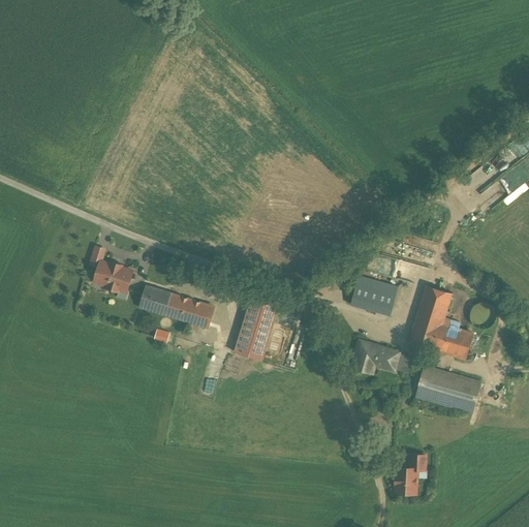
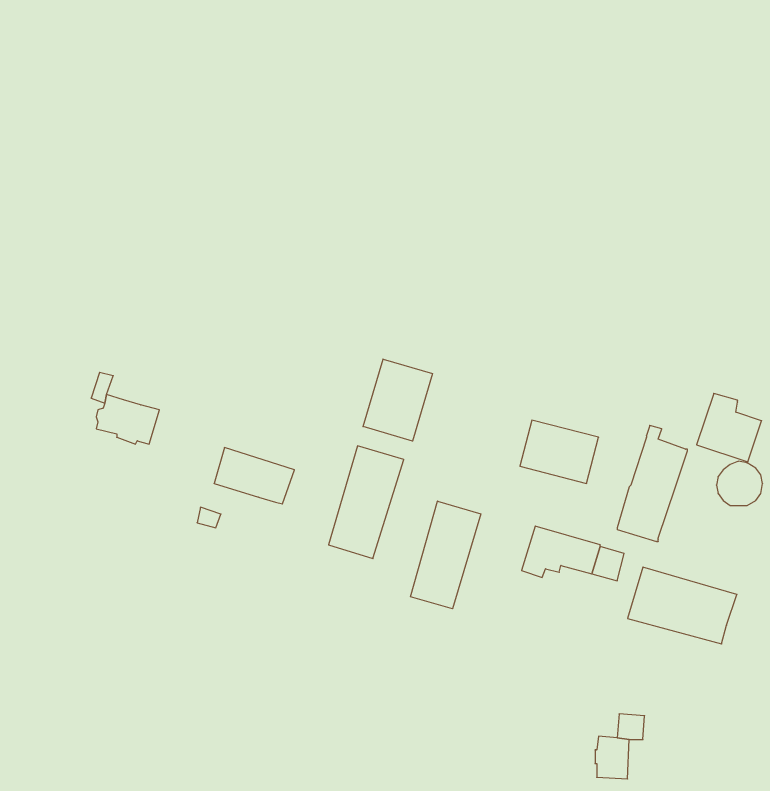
building: none -> [363,359,433,441]
building: [139,286,172,315] -> none
building: [434,317,473,359] -> [697,393,762,462]
building: none -> [410,501,481,609]

